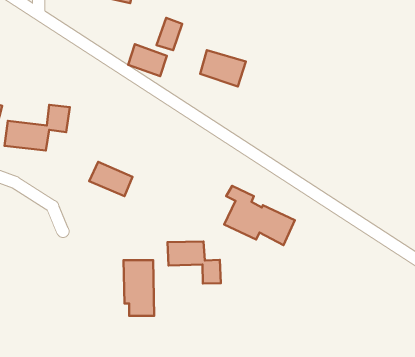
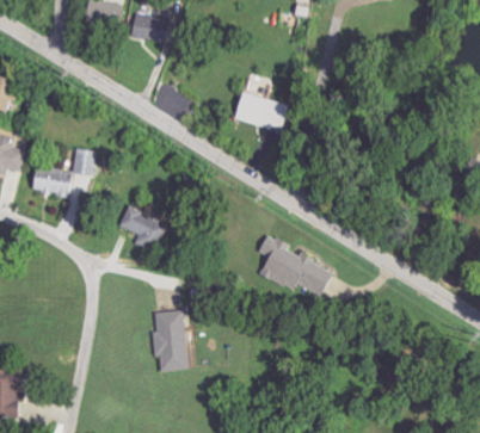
building: [157,18,182,50] -> none
building: [167,241,221,284] -> none

